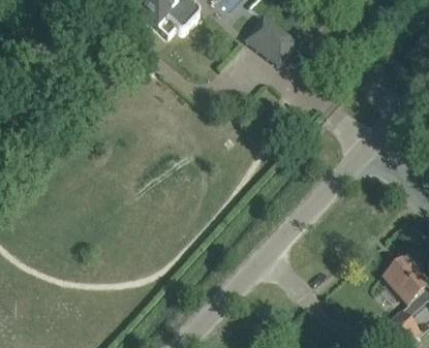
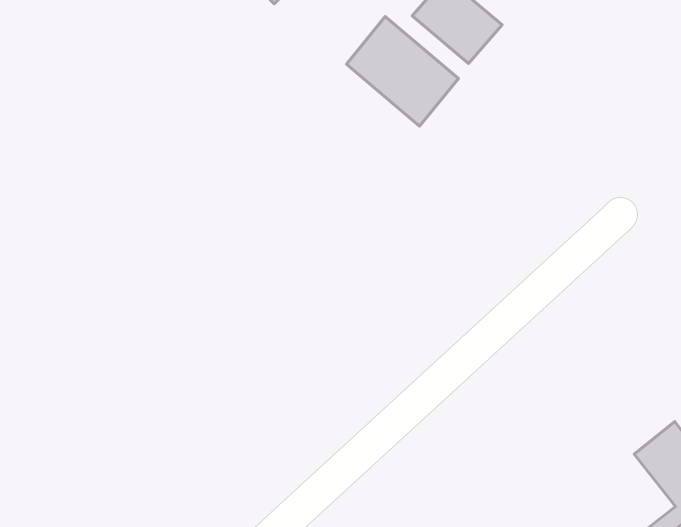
building: none -> [346,17,459,126]

